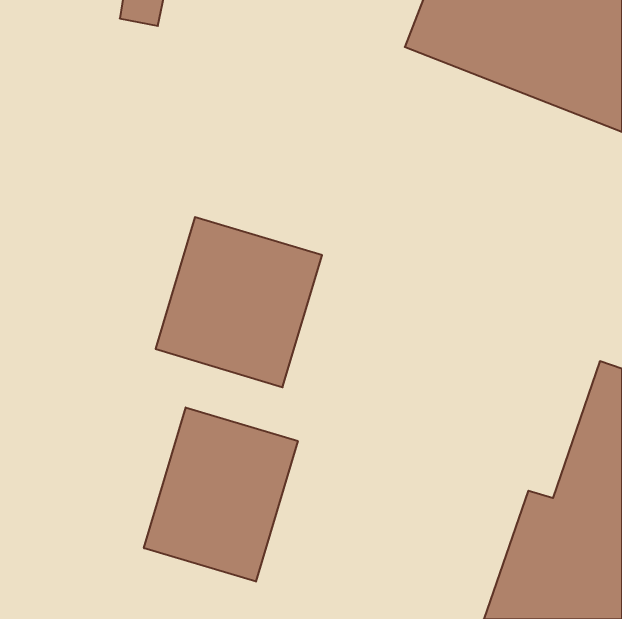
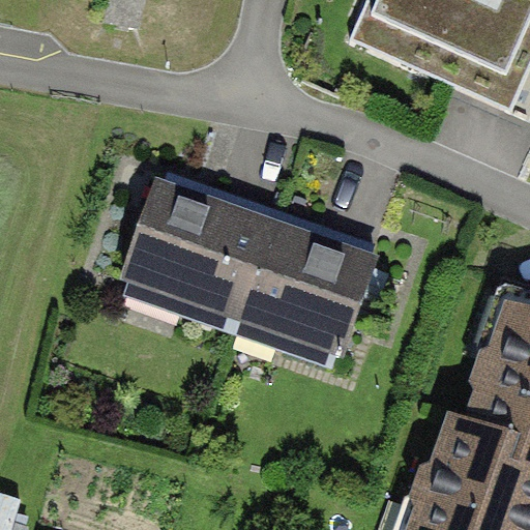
building: none -> [237,214,377,357]
building: [144,407,298,582] -> none

